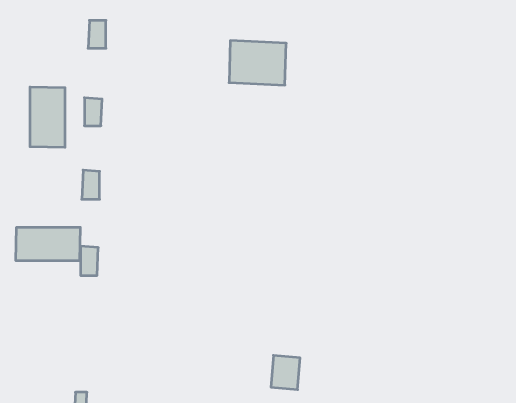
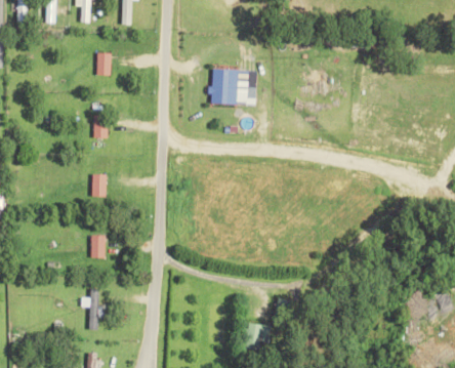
building: [30,87,65,147] -> none
building: [16,227,80,261] -> none
building: none -> [88,288,106,329]

